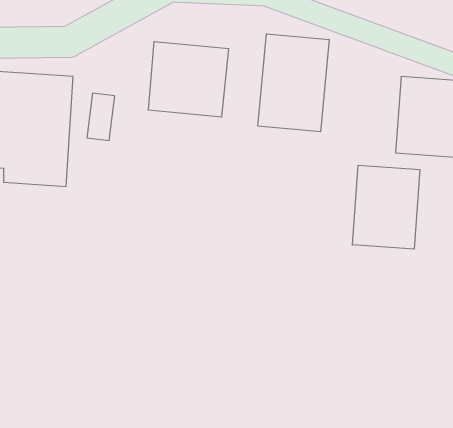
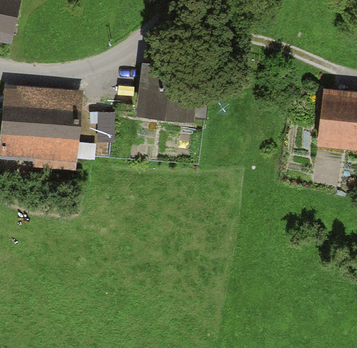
building: [258,34,329,132] -> none
building: [353,165,420,249] -> none

